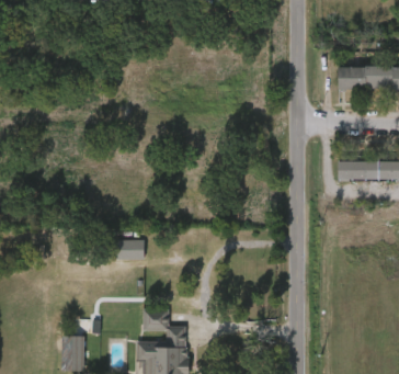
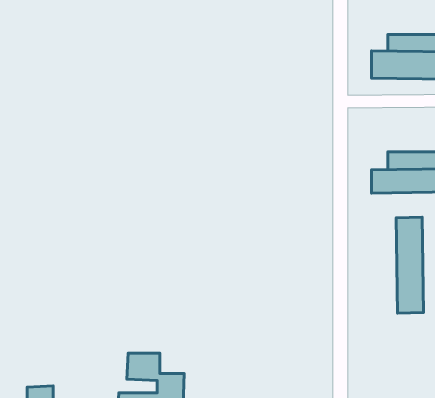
building: none -> [396,217,423,313]
building: [116,242,145,262] -> none

